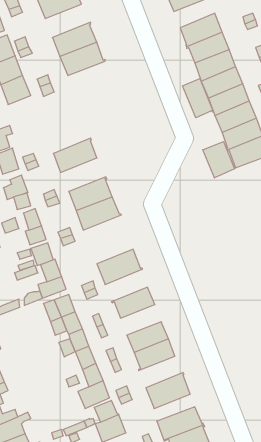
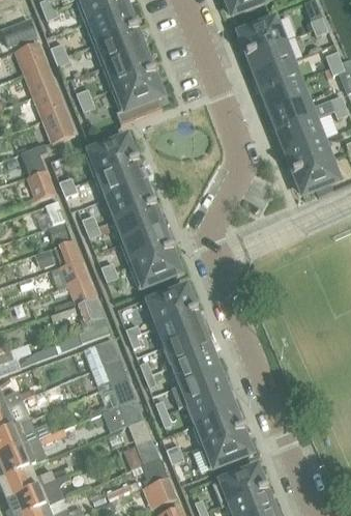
building: none -> [85,6,137,45]
building: none -> [111,71,162,112]
building: [183,79,213,118] -> none
building: none -> [42,111,77,142]
building: none -> [85,137,137,177]
building: [203,142,234,178] -> none
building: none -> [103,182,154,221]
building: none -> [128,248,179,289]
building: none -> [153,310,202,347]
building: none -> [171,350,217,385]
building: none -> [192,409,242,446]

